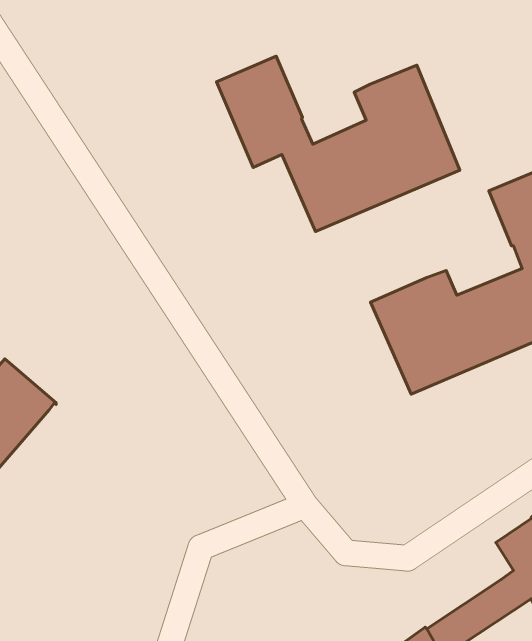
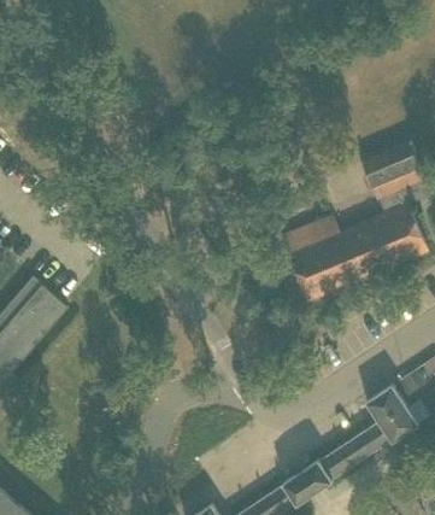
building: [217,56,460,231] -> none

